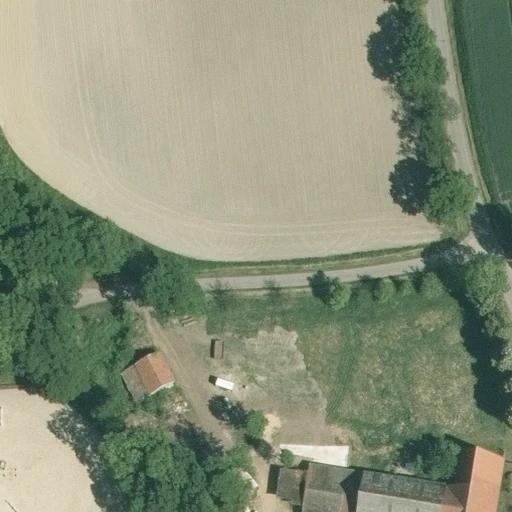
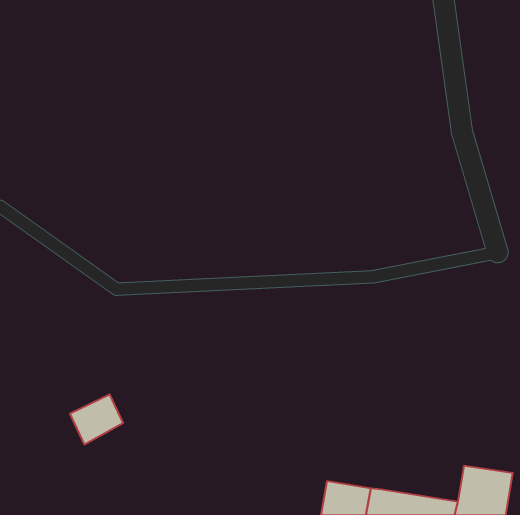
building: [118,356,170,405] -> [70,394,123,444]
building: [276,467,304,498] -> none

